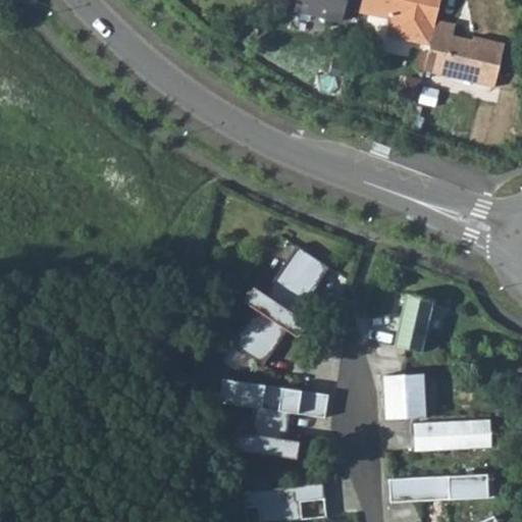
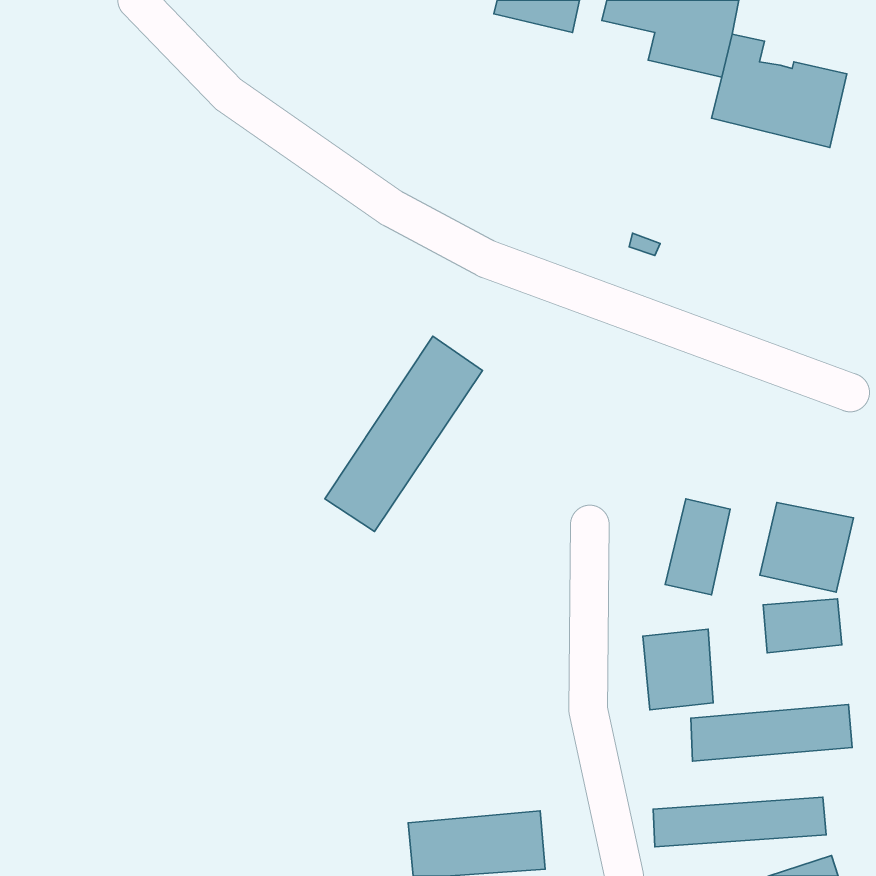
building: [234,247,328,363] -> [325,336,483,531]
building: none -> [760,503,854,592]
building: none -> [763,599,842,653]
building: [218,377,327,456] -> none

